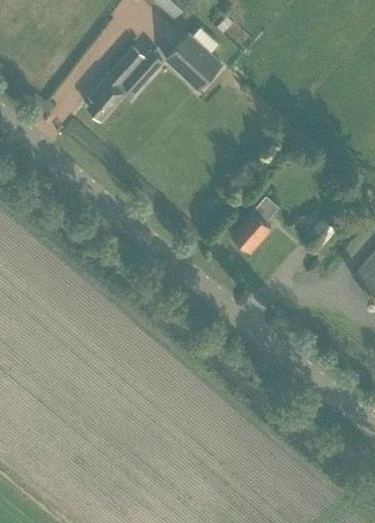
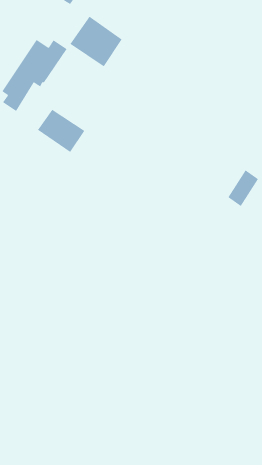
building: none -> [37,109,85,153]
building: [231,197,279,251] -> none

